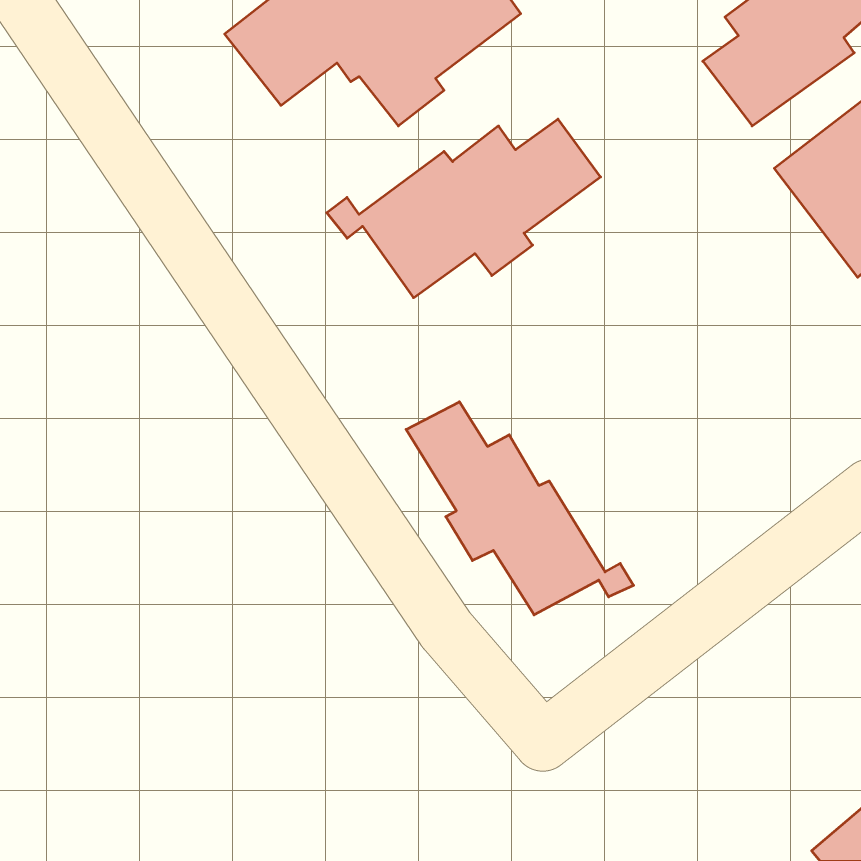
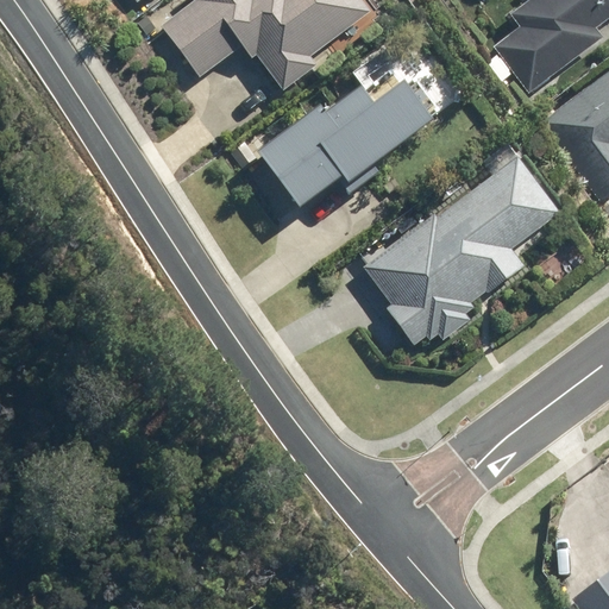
building: none -> [366,144,559,344]
building: [406,402,634,615] -> none

